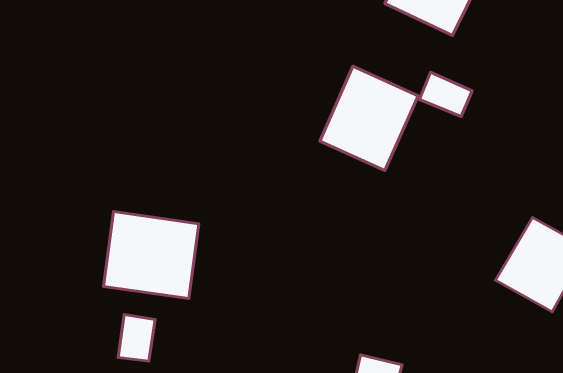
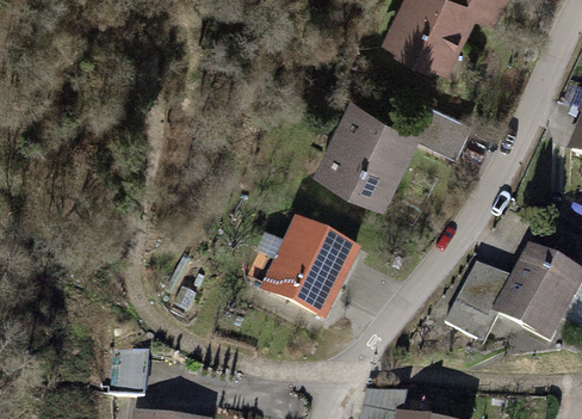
building: none -> [261,221,360,322]
building: [103,212,199,299] -> none
building: none -> [435,259,500,345]

